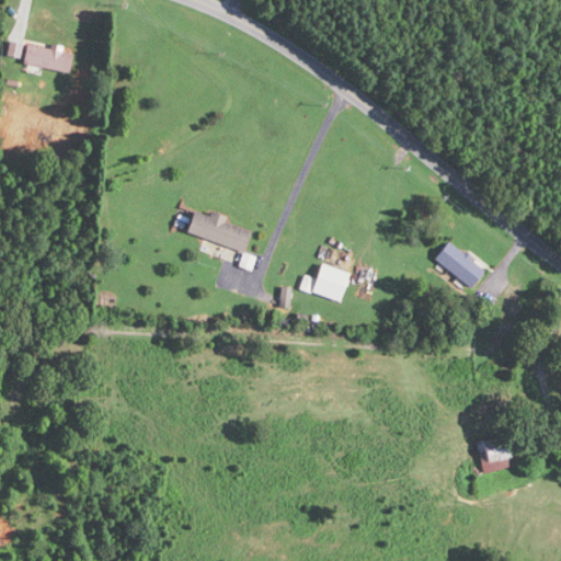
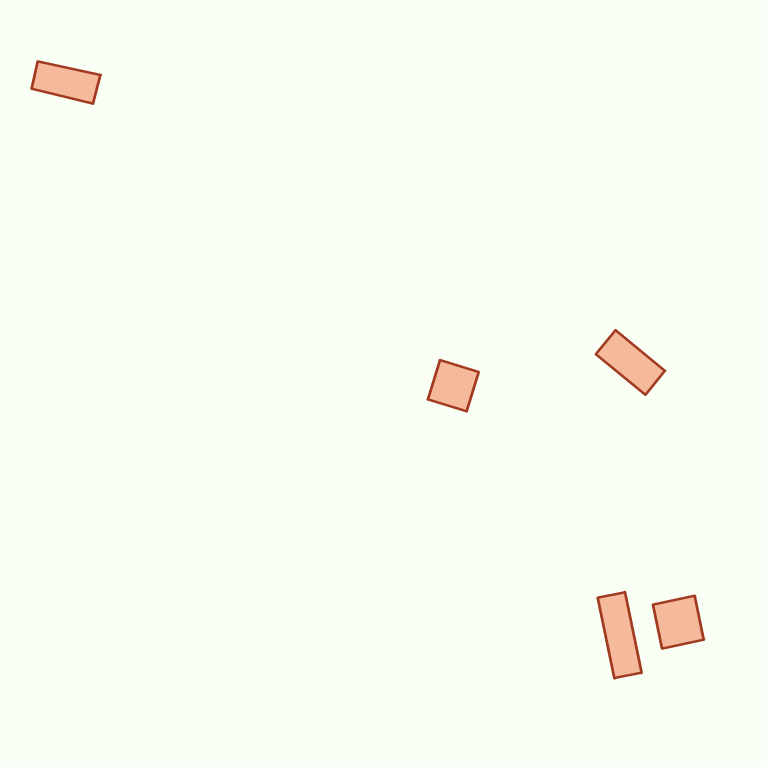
building: [187,209,252,252] -> none
building: none -> [598,592,641,678]

